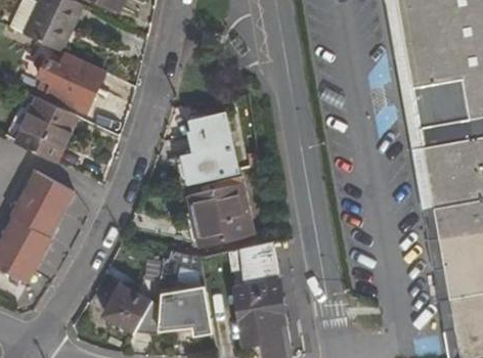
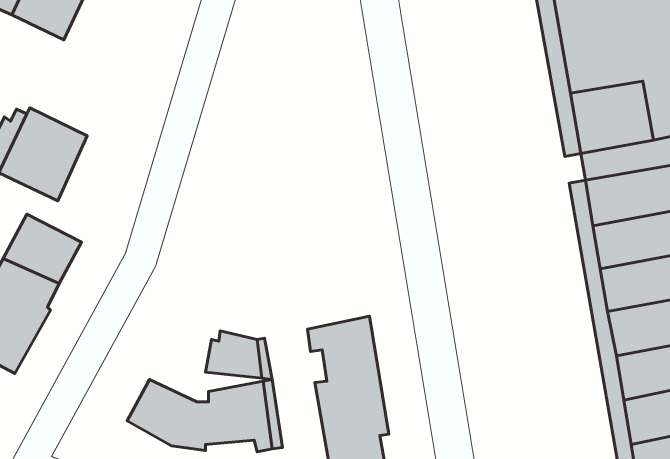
building: [40,51,106,111] -> none
building: [182,110,240,181] -> none
building: [187,176,255,244] -> none

